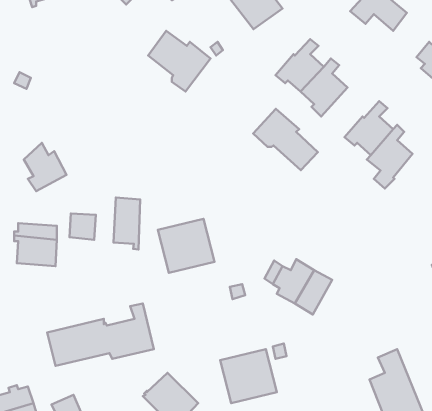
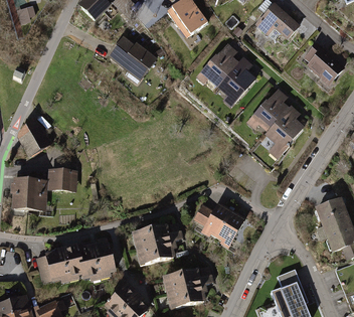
building: [253,109,318,170] -> none
building: [113,198,140,249] -> none
building: [158,219,214,273] -> [132,224,173,264]

